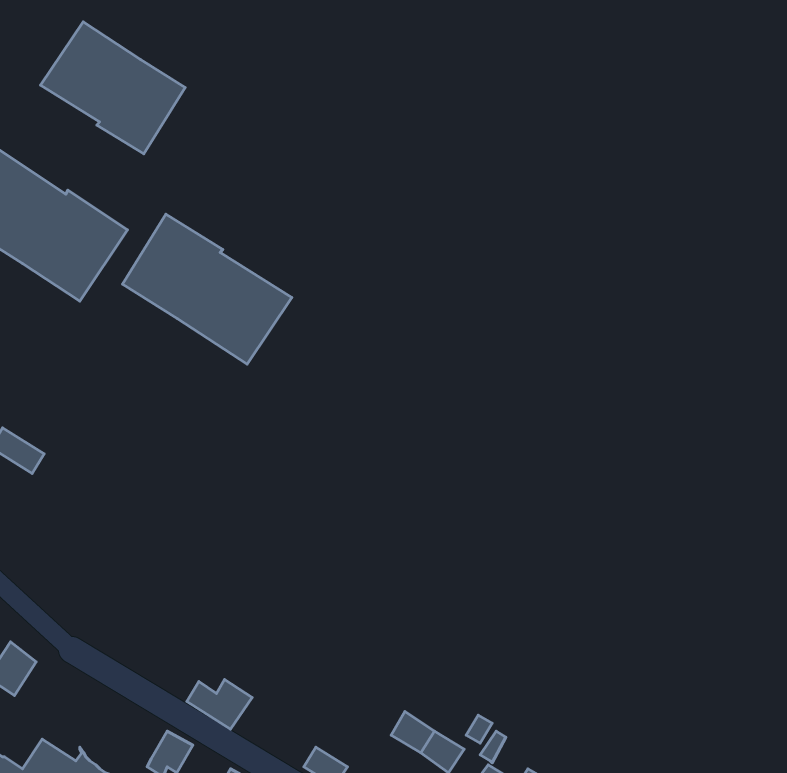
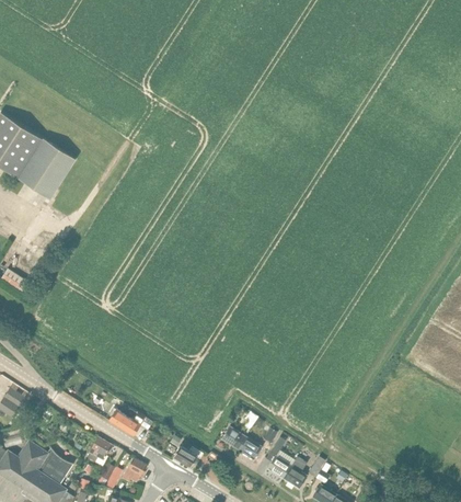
building: [41,22,185,154] -> none
building: [123,214,292,364] -> none

